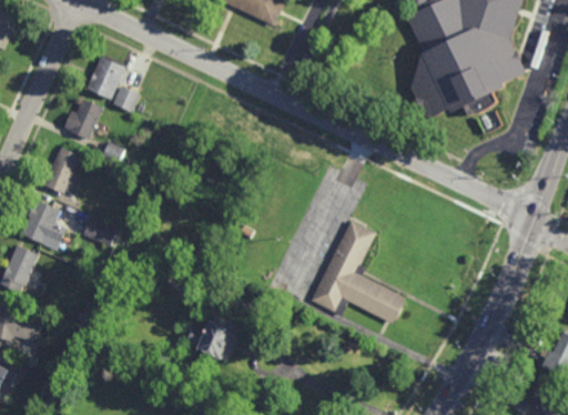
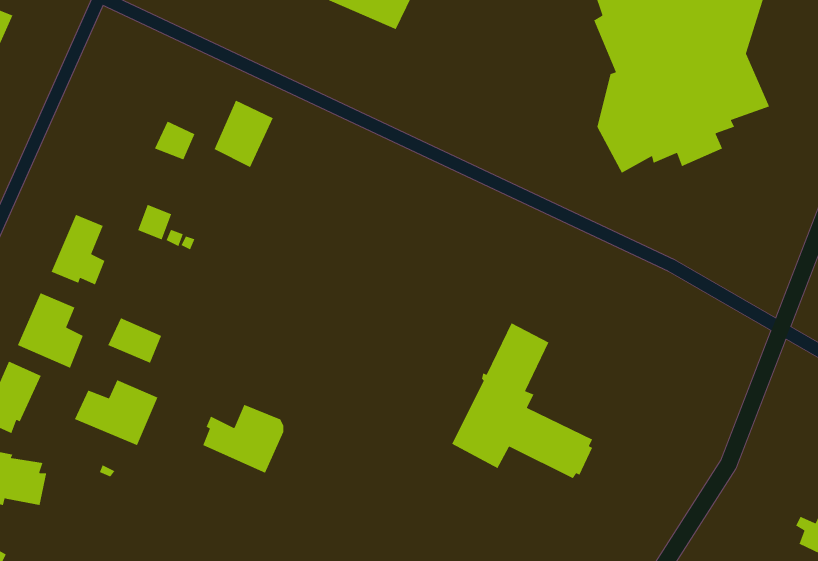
building: [87,54,126,100] -> [214,100,274,168]
building: [63,98,103,140] -> none
building: none -> [74,379,158,446]
building: [189,315,243,362] -> [202,404,284,474]

